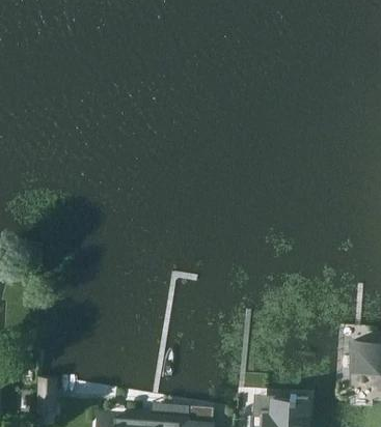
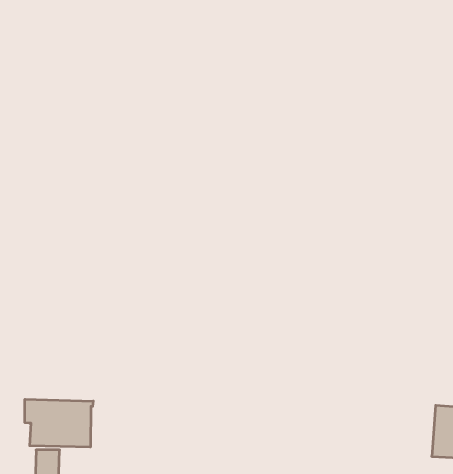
building: none -> [25,399,93,447]

